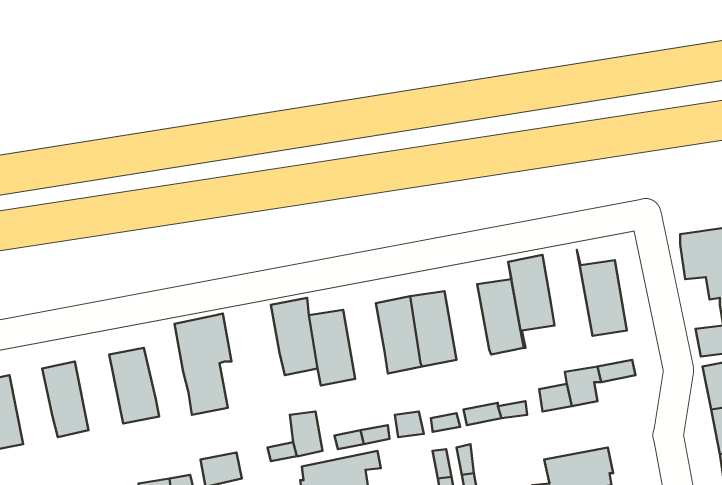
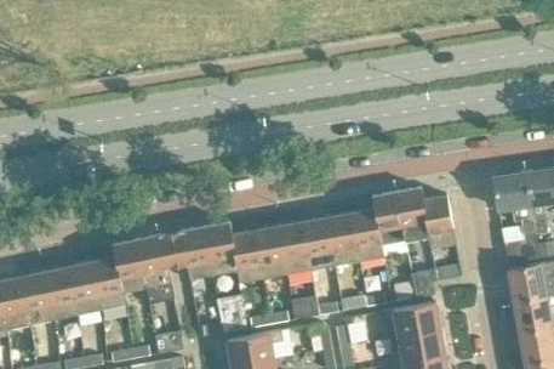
building: none -> [395,187,430,248]
building: none -> [326,211,359,265]
building: none -> [255,225,286,278]
building: none -> [170,226,213,279]
building: none -> [112,239,145,293]
building: none -> [65,261,99,314]
building: none -> [19,271,53,324]
building: none -> [381,301,441,335]

